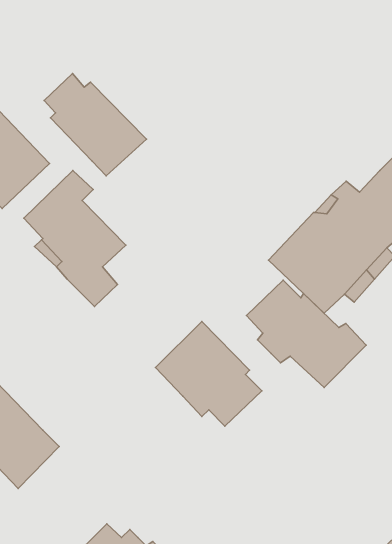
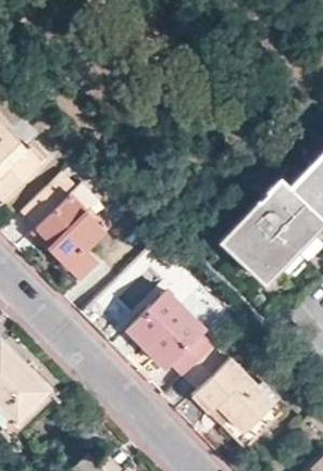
building: [44,74,147,176] -> none
building: [247,280,366,387] -> [183,346,278,432]

